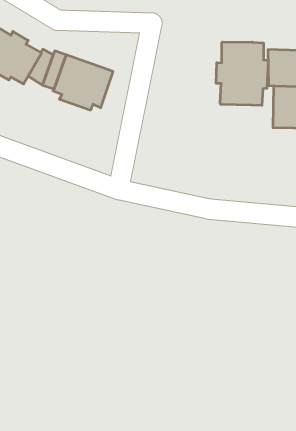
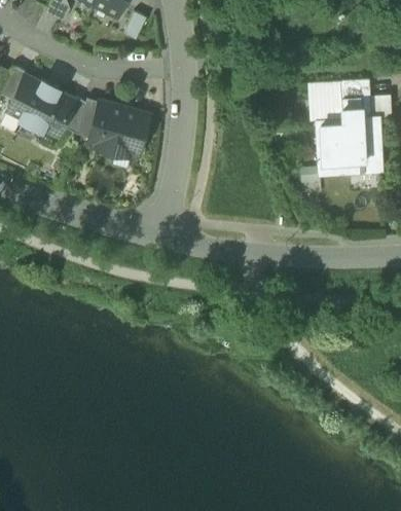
building: [216,42,268,105] -> none

